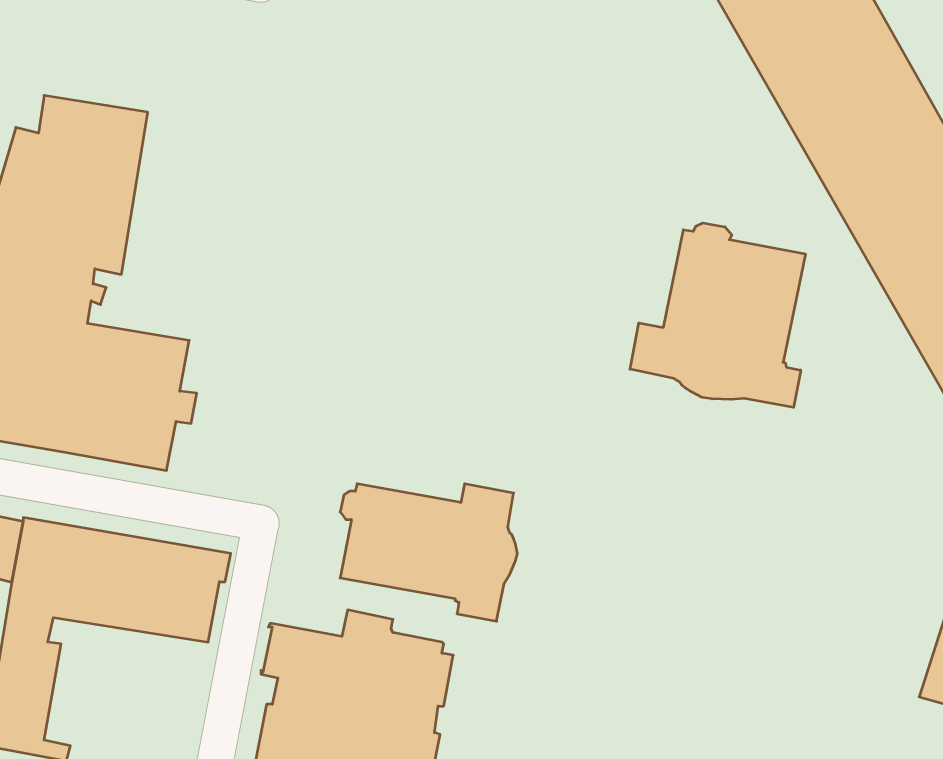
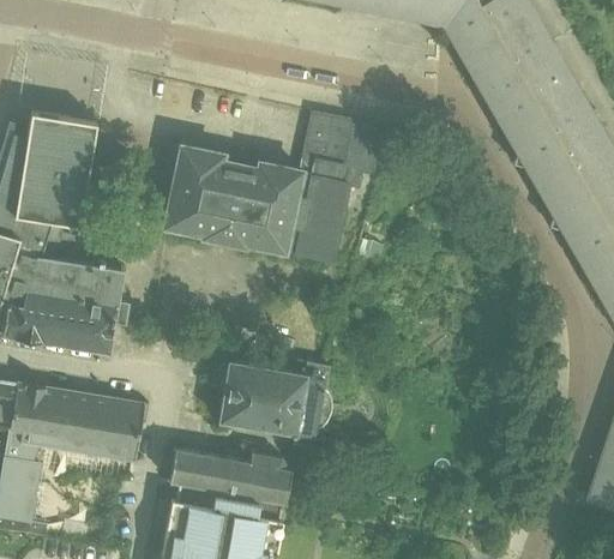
building: none -> [155,115,384,264]
building: [630,223,805,407] -> none

